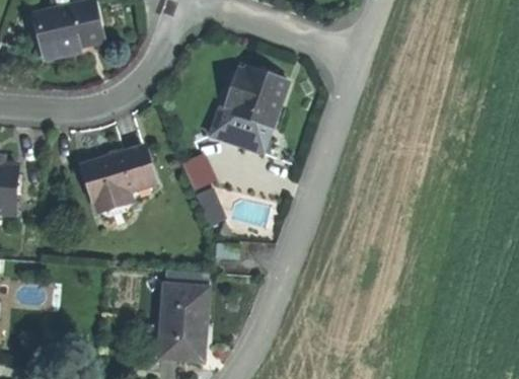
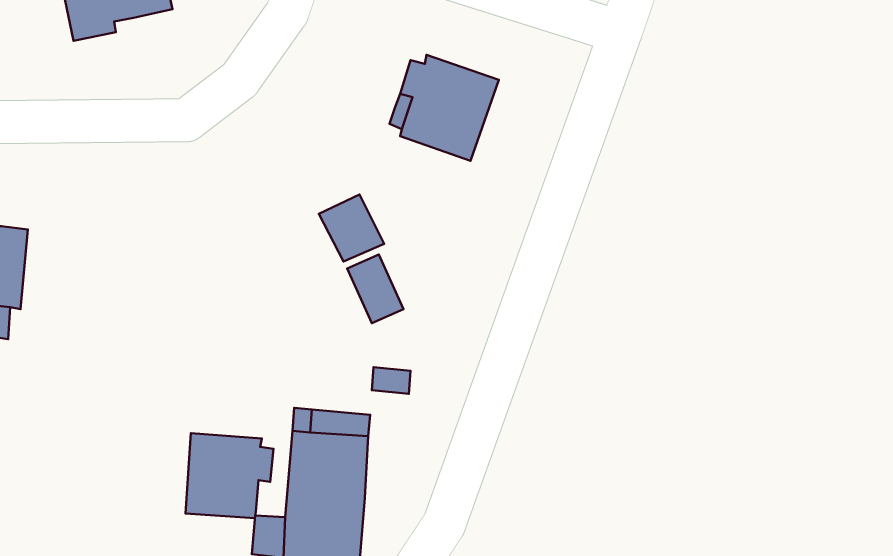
building: [208,110,271,157] -> none
building: [81,150,153,208] -> none
building: none -> [185,433,274,518]

